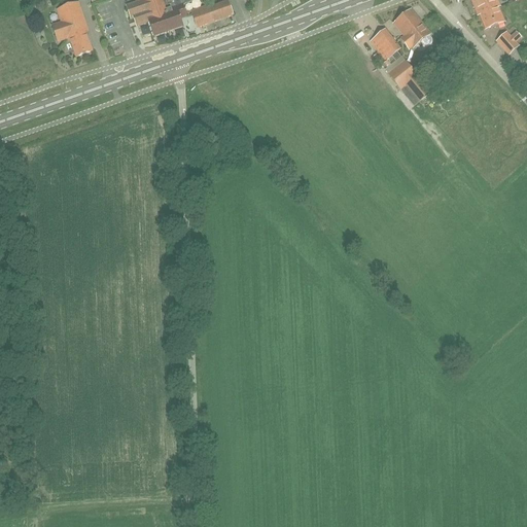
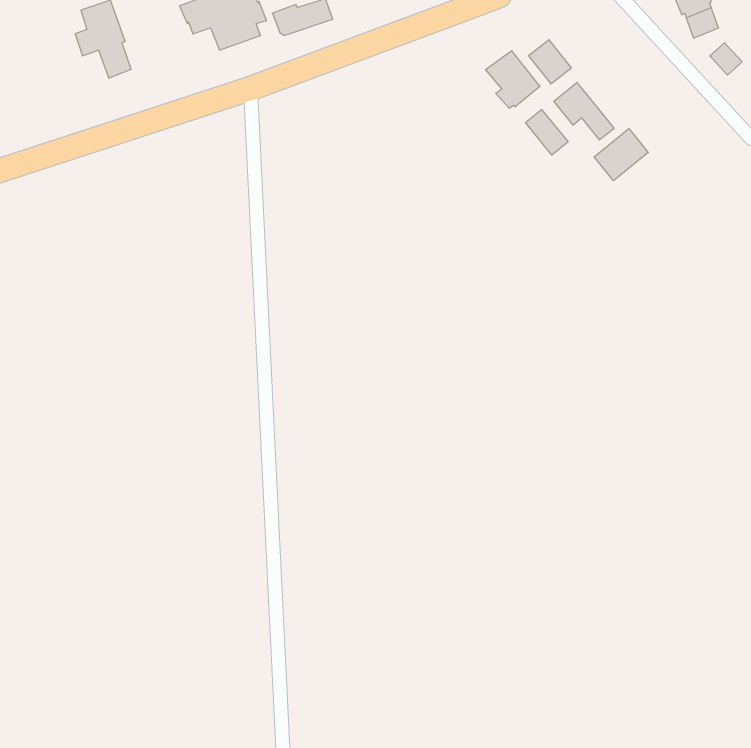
building: [392,7,430,47] -> [485,51,540,108]
building: none -> [526,109,568,155]
building: none -> [594,129,648,181]

